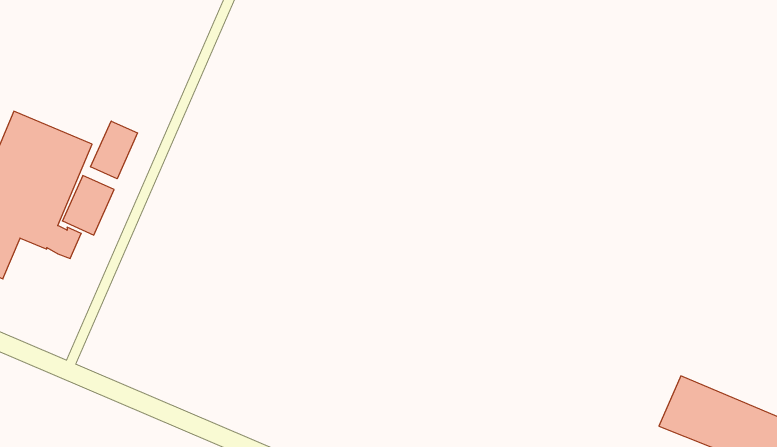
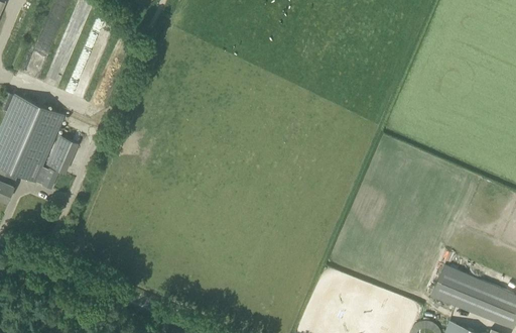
building: [91,121,138,179] -> none

